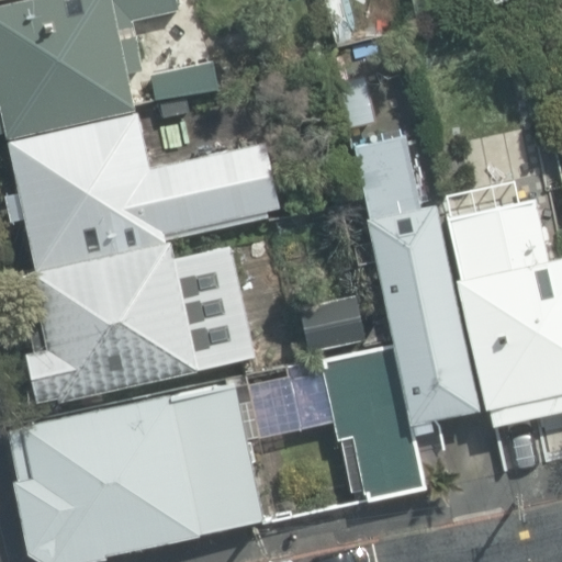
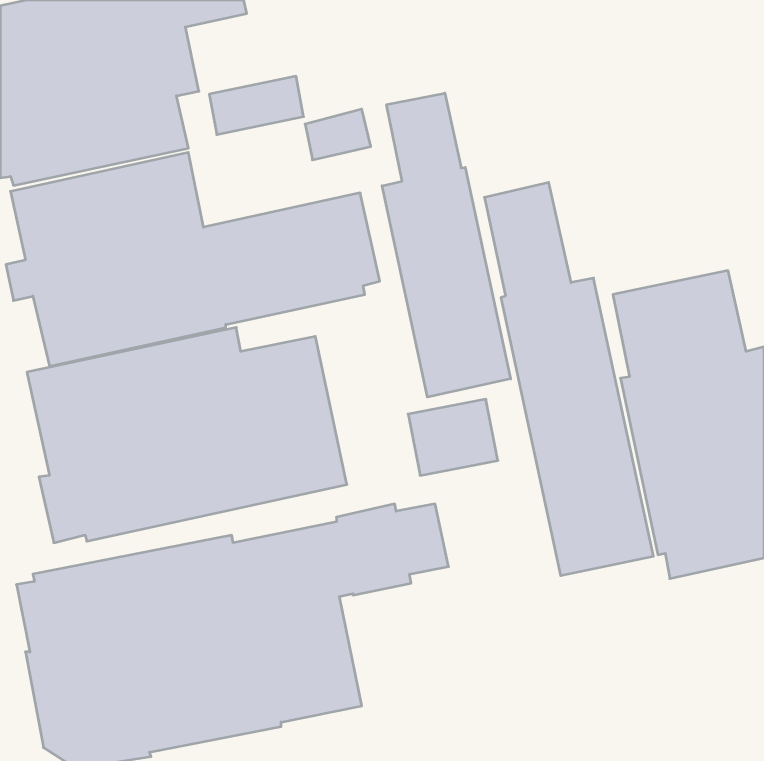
building: none -> [382,93,511,397]
building: [319,348,425,503] -> none

